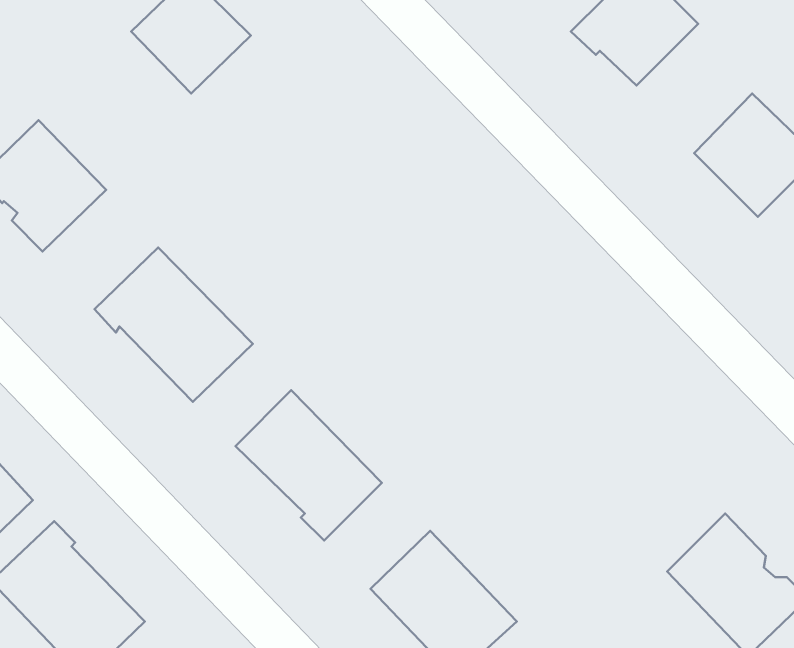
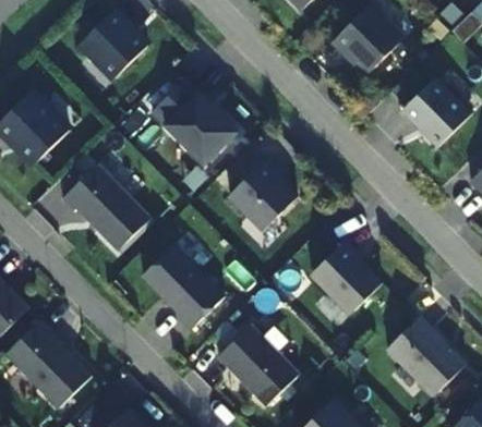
building: none -> [153,80,238,166]
building: none -> [228,161,297,233]
building: none -> [312,241,382,310]

